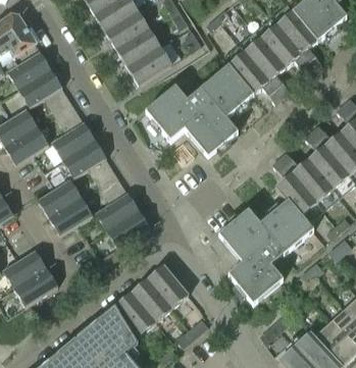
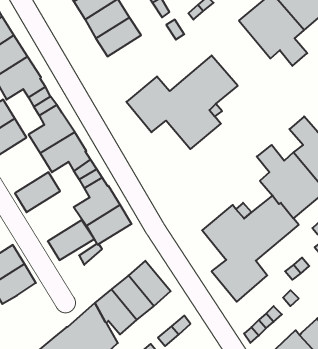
building: [221,32,289,103] -> none
building: [126,46,170,84] -> none
building: [48,197,93,235] -> [48,220,94,260]

